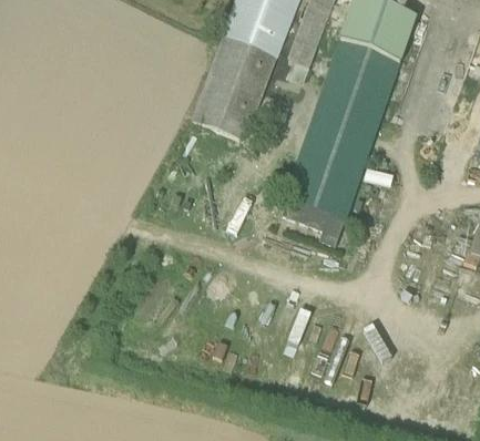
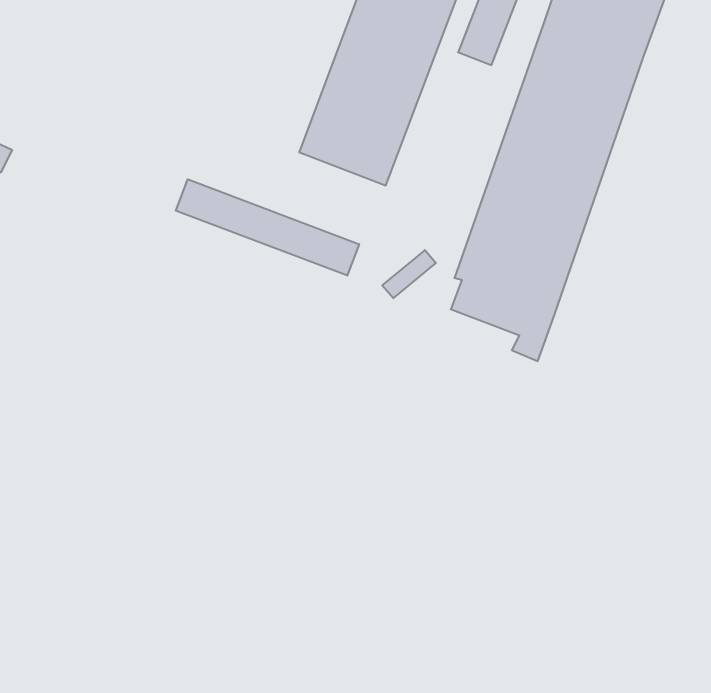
building: none -> [176,179,359,276]

